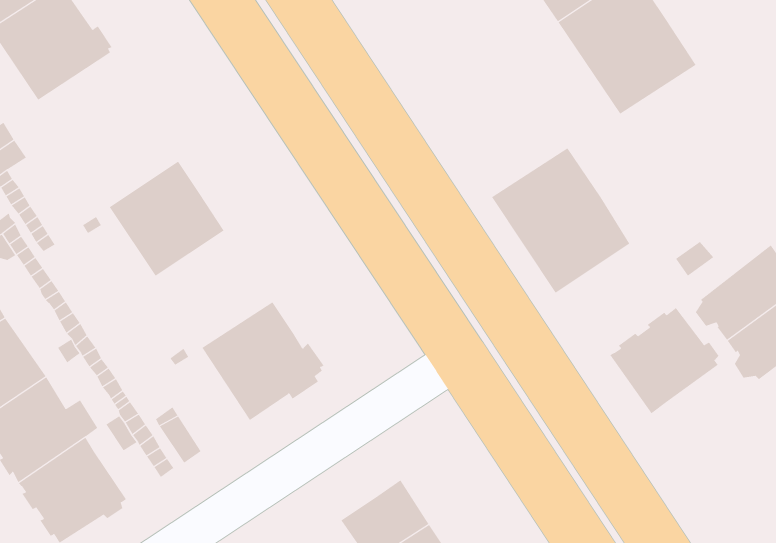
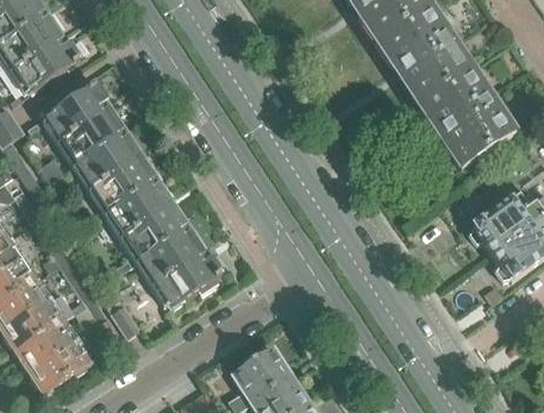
building: none -> [45,85,124,165]
building: [491,147,630,293] -> [419,70,512,168]
building: none -> [108,181,187,259]
building: [610,307,719,414] -> none

